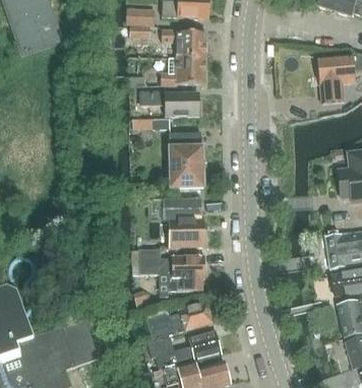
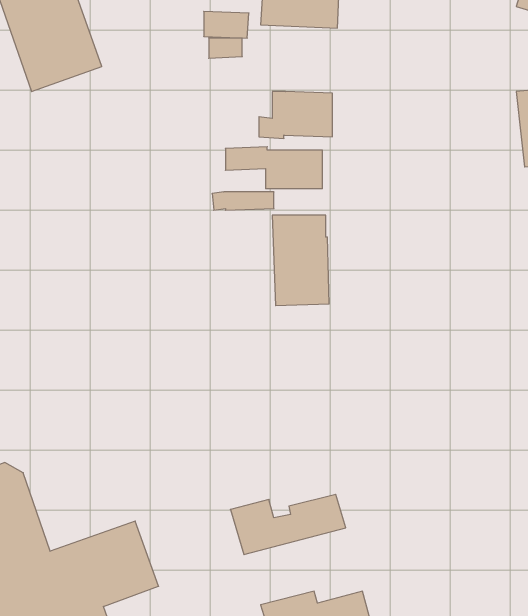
building: [161,29,205,58] -> none
building: [147,197,203,246] -> none
building: [131,248,204,296] -> none
building: [146,330,221,369] -> none

